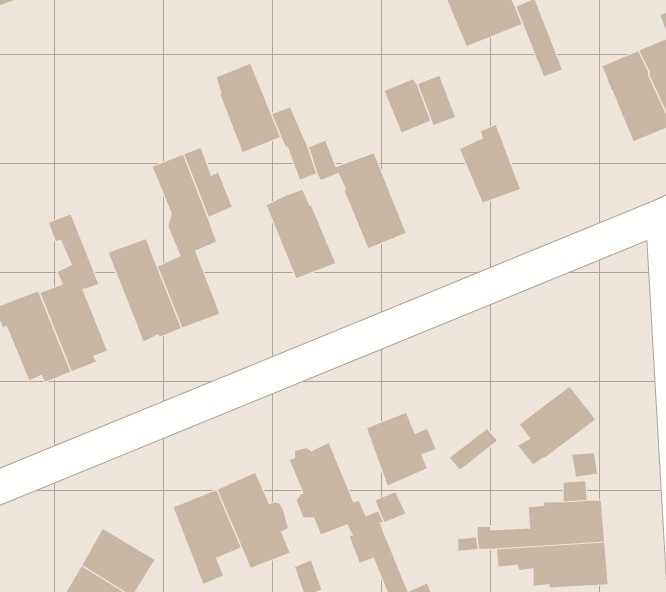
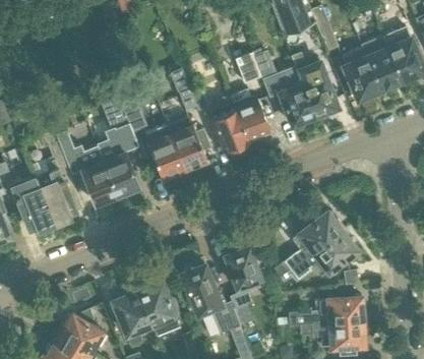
building: [216,63,281,153] -> [146,126,184,178]
building: none -> [341,48,379,99]
building: none -> [292,54,338,117]
building: none -> [230,89,269,142]
building: none -> [293,212,343,253]

